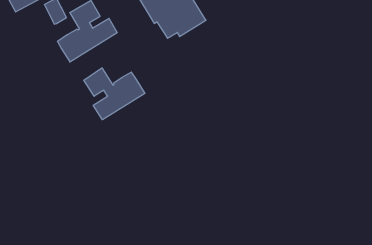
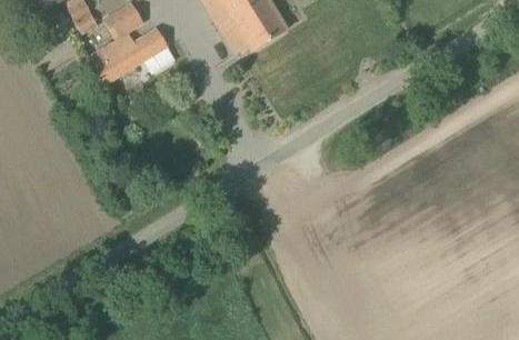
building: [84,68,145,120] -> none

